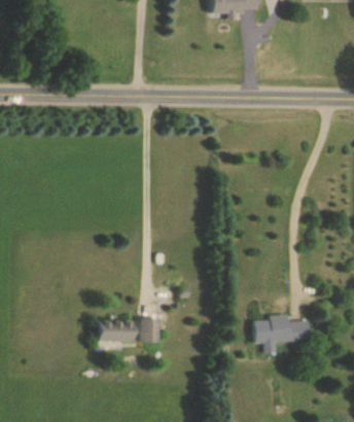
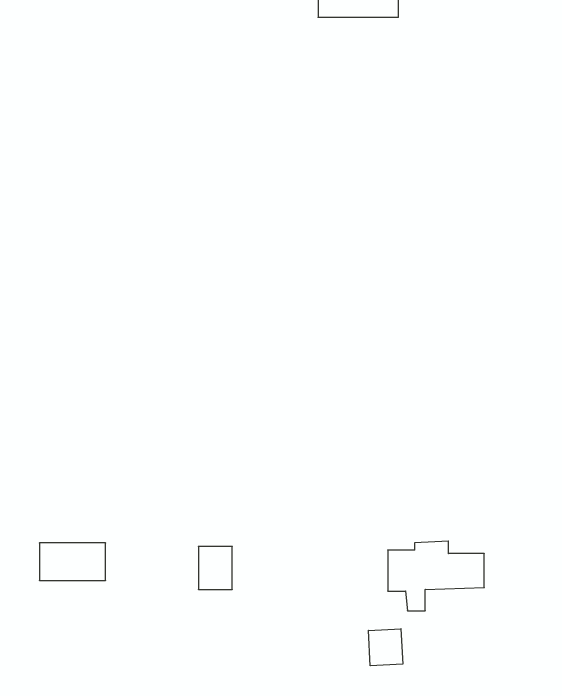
building: [97,319,135,341] -> [39,543,106,580]
building: none -> [368,629,403,666]

